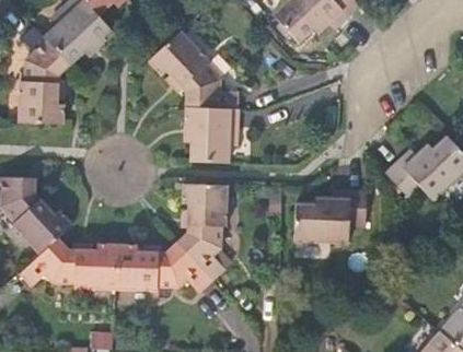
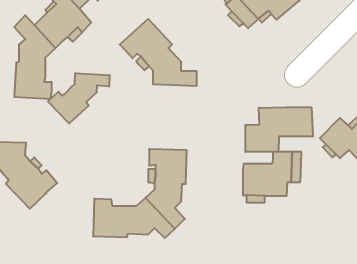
building: none -> [48,73,110,124]
building: [185,106,239,162] -> none
building: none -> [245,107,313,152]
building: [18,236,116,288] -> none

